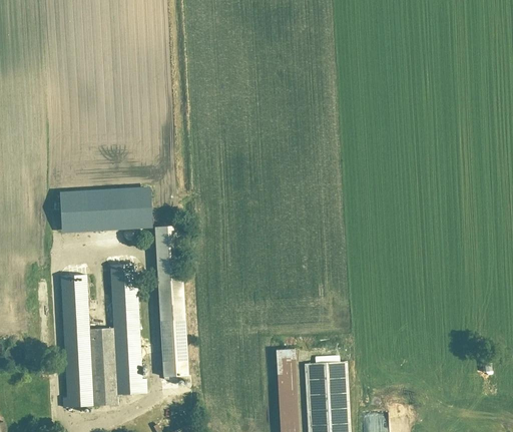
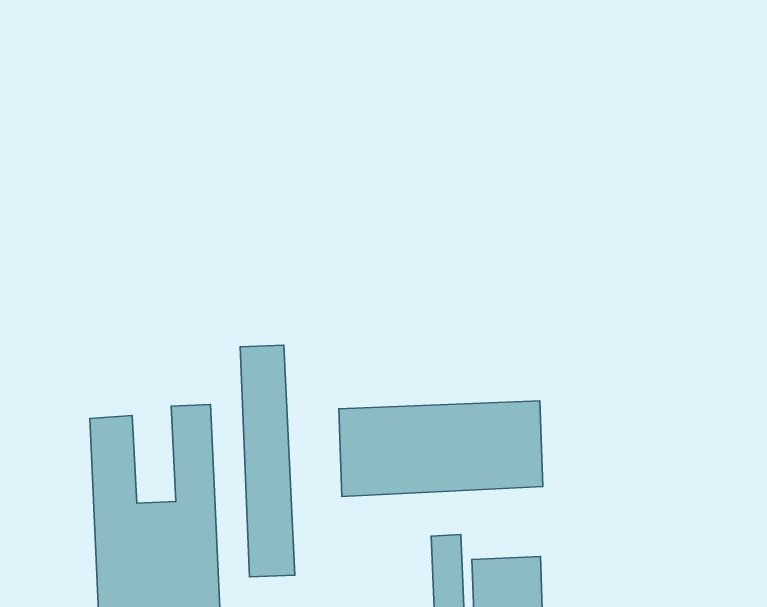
building: [55,191,147,231] -> none
building: none -> [339,401,543,496]

